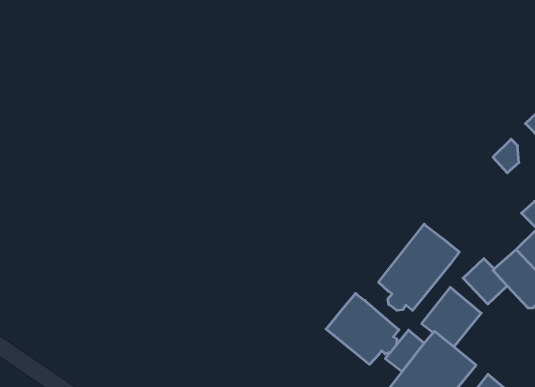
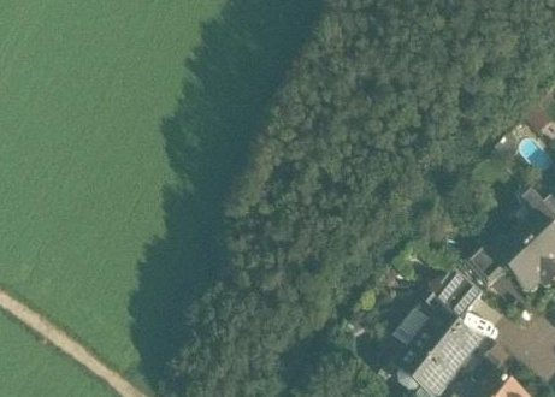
building: [379,224,459,310] -> none
building: [326,293,399,364] -> none

